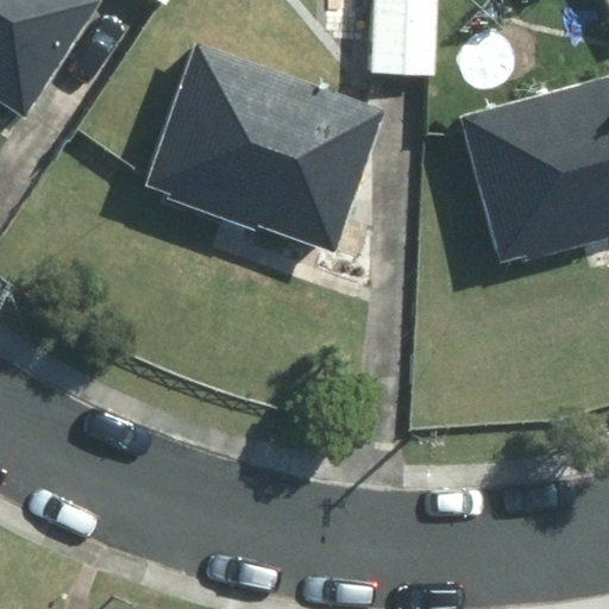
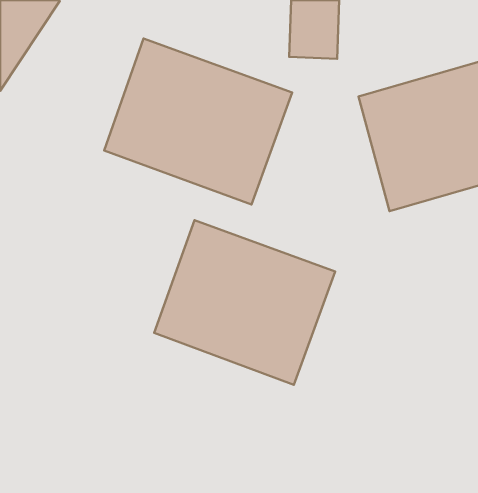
building: none -> [154,220,335,385]

